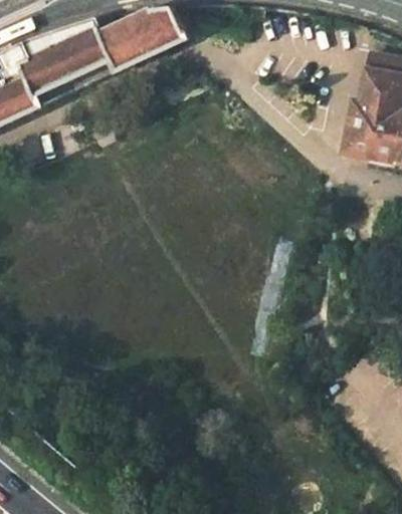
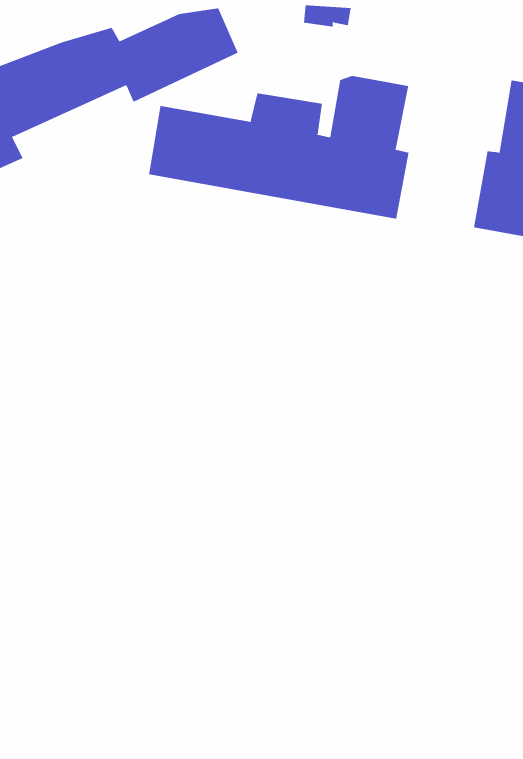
building: none -> [149,75,409,220]

